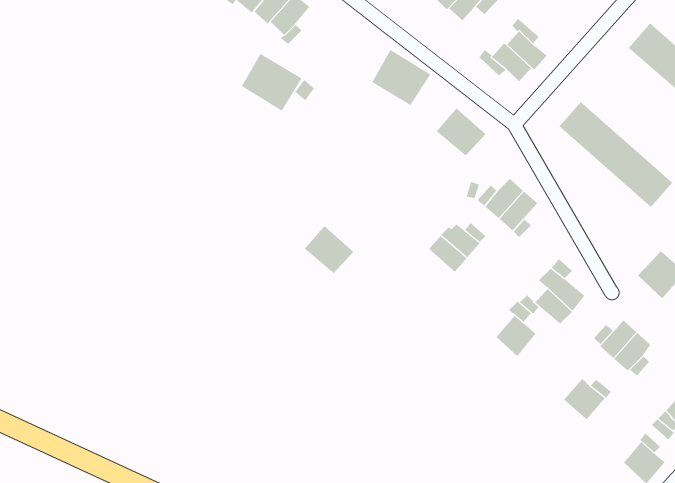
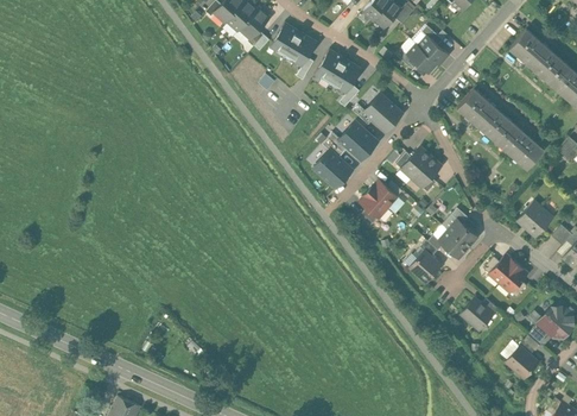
building: [241,53,303,111] -> [271,23,317,67]
building: none -> [340,122,376,159]
building: [304,225,354,274] -> [313,151,351,188]

